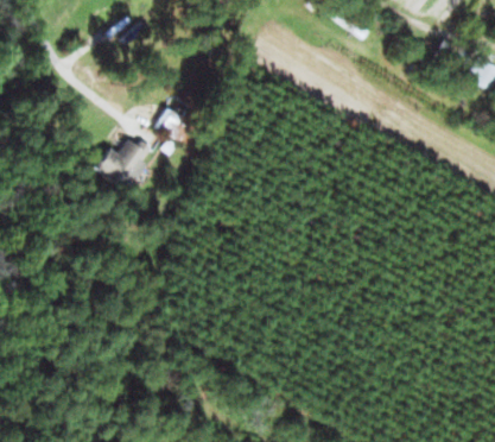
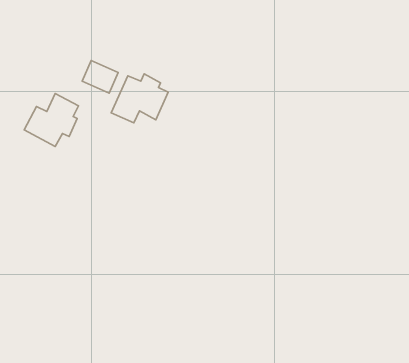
building: none -> [111,74,168,123]

